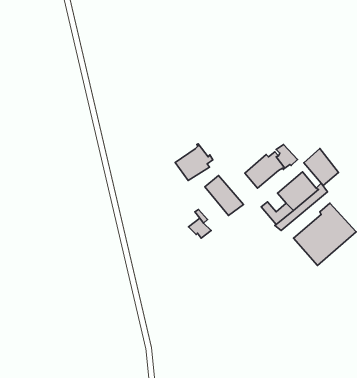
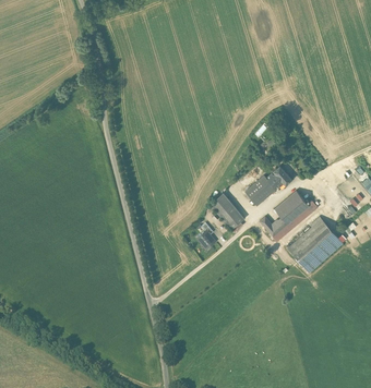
building: [175,144,213,180] -> none
building: [304,148,339,186] -> none

